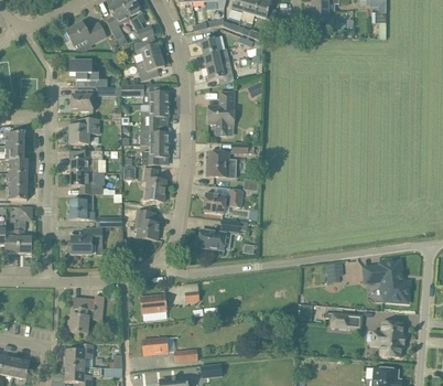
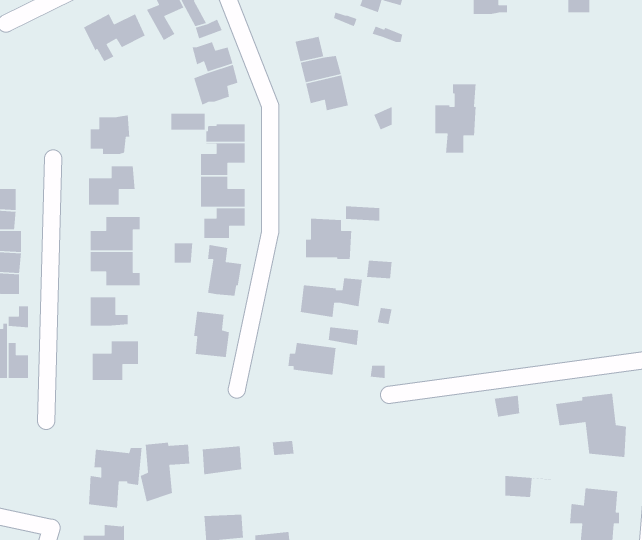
building: [69,61,107,86] -> none
building: [208,92,235,136] -> [435,84,477,154]
building: none -> [140,442,190,502]

